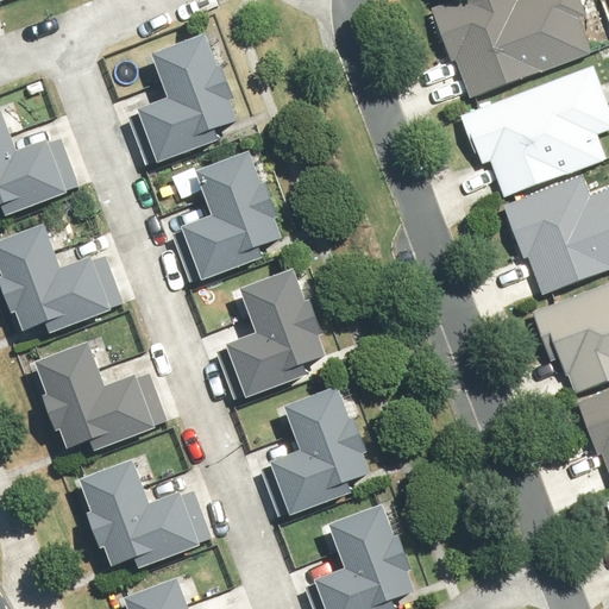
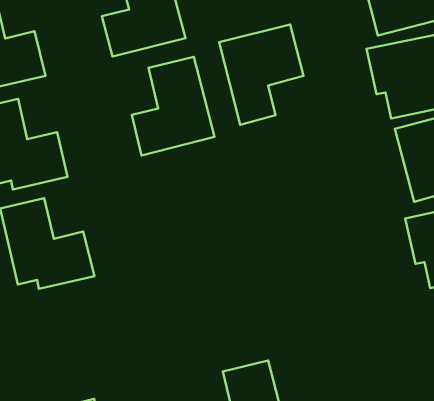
building: none -> [219,25,304,125]
building: [227,275,331,402] -> none
building: [268,388,372,516] -> none
building: [80,459,203,570] -> none

